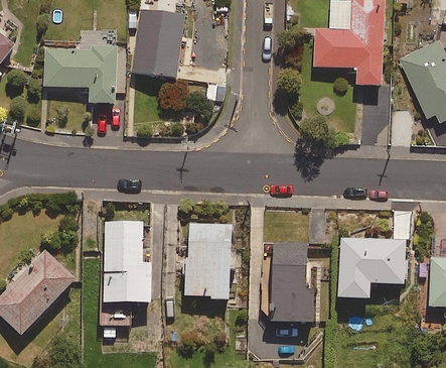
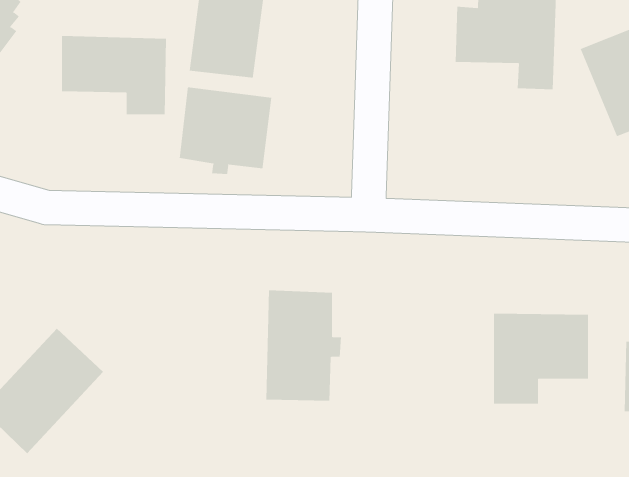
building: none -> [179,87,272,175]
building: [103,221,151,337] -> none
building: [272,242,314,322] -> none

